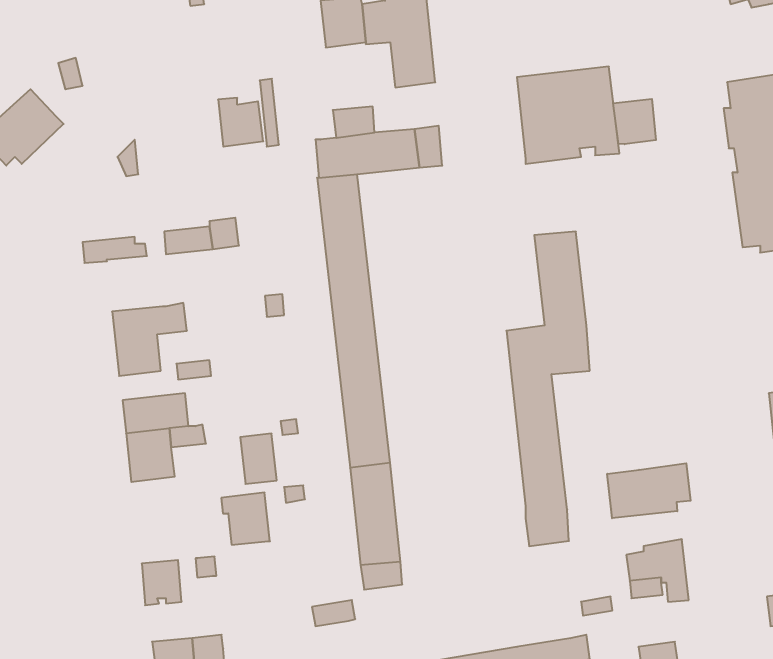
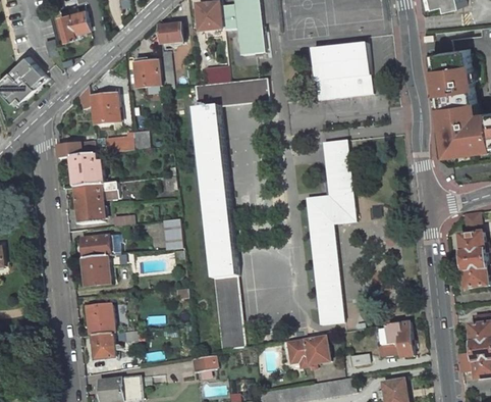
building: none -> [56,9,88,41]
building: none -> [157,23,182,44]
building: [613,99,656,144] -> none
building: none -> [91,93,119,124]
building: none -> [70,154,103,187]
building: [240,434,277,484] -> [160,219,181,249]
building: [607,463,691,518] -> none
building: [221,493,270,545] -> [85,304,113,335]
building: none -> [286,335,328,367]

